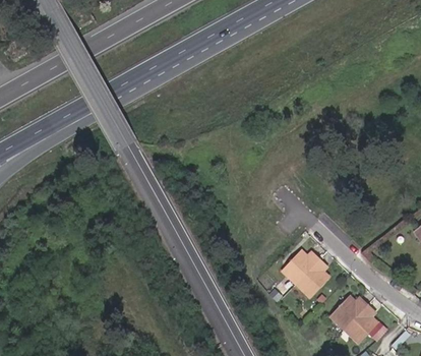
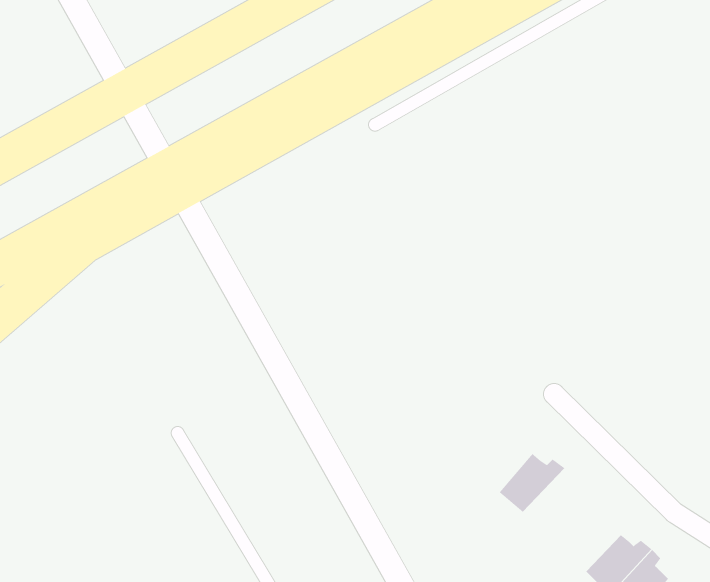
building: [296,260,328,297] -> none

